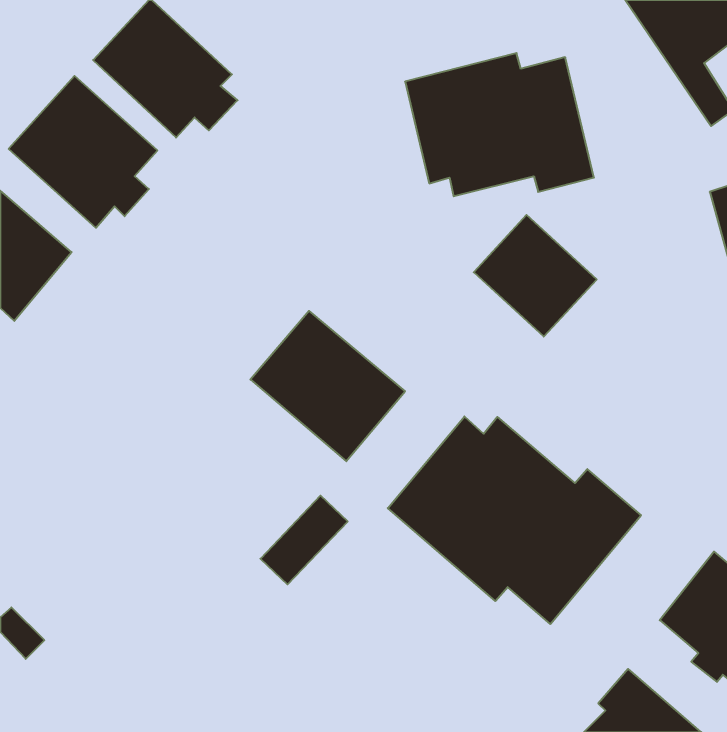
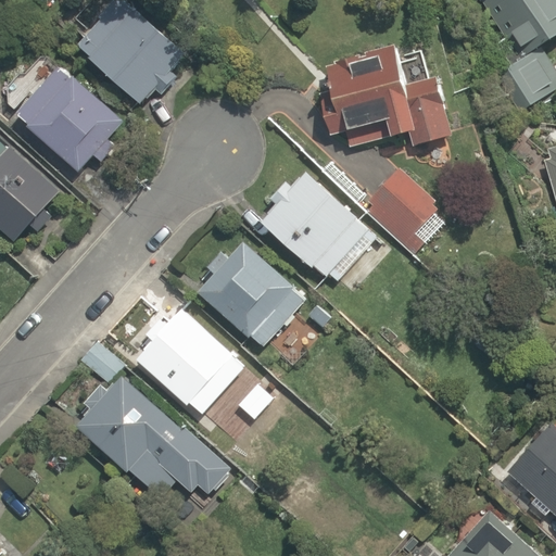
building: none -> [258,167,378,286]
building: none -> [130,305,244,418]
building: [388,416,641,624] -> none
building: none -> [74,372,236,500]

